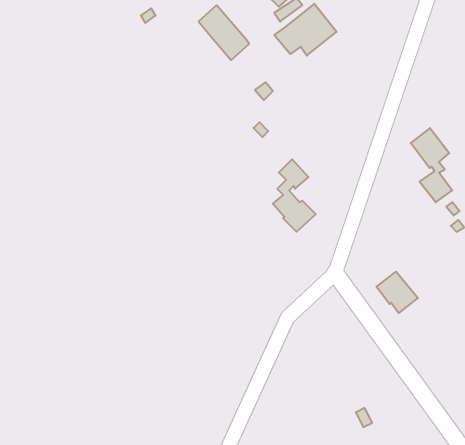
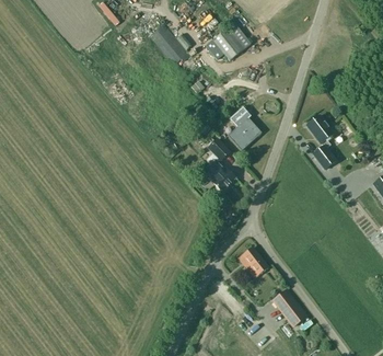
building: none -> [228,106,260,150]
building: [376,272,418,313] -> [237,246,268,277]
building: none -> [271,288,307,328]

